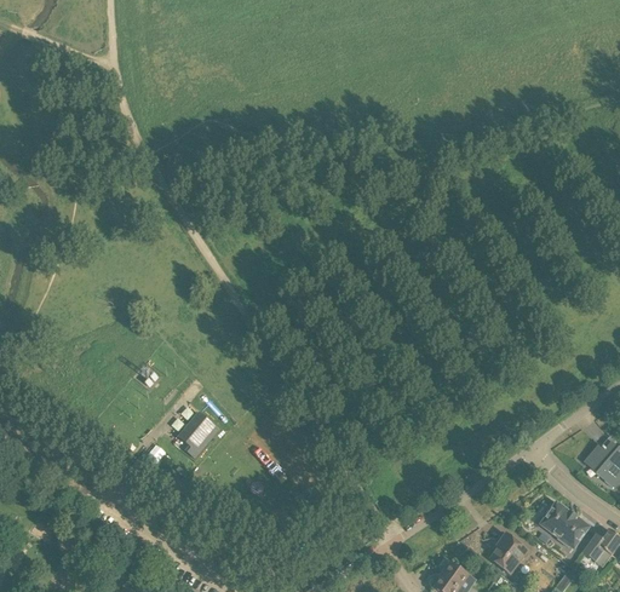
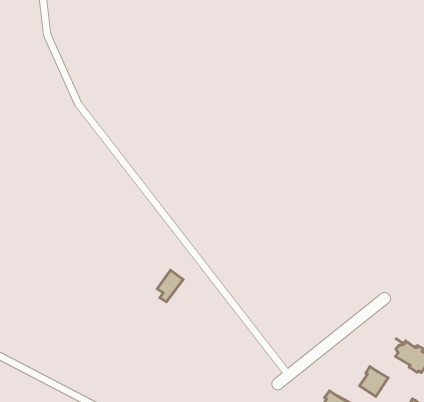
building: [183,415,218,456] -> [157,270,183,302]

